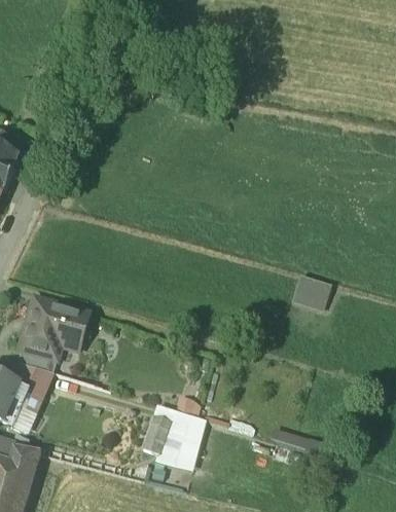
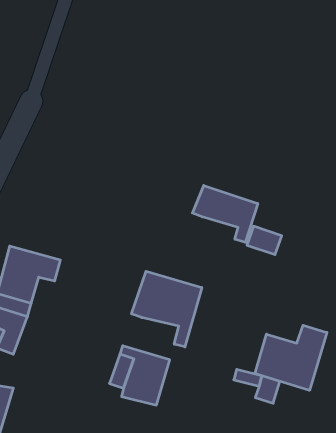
building: none -> [192,185,258,242]
building: none -> [132,271,202,347]
building: none -> [254,325,327,390]

